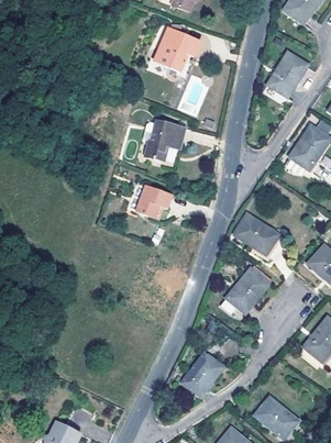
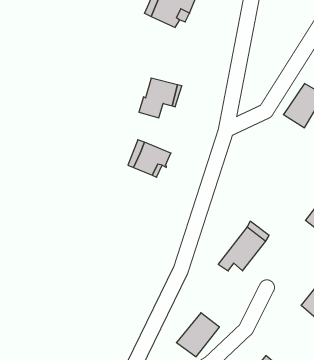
building: [272,54,307,98] -> none
building: [235,214,278,254] -> none

